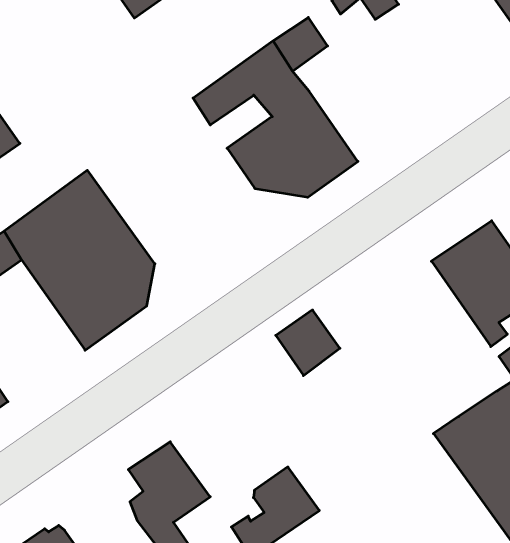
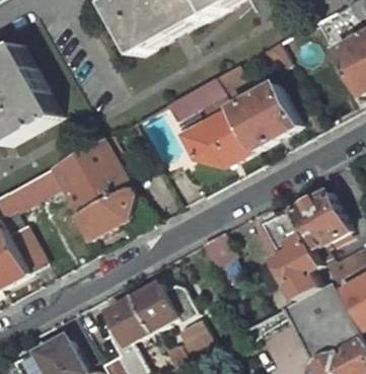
building: none -> [231,82,299,149]
building: none -> [257,210,320,299]
building: none -> [132,282,195,329]

